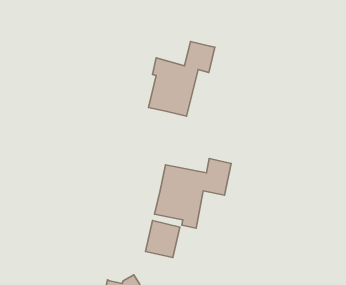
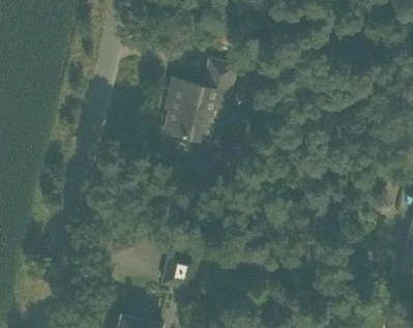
building: [155,159,231,228] -> none

